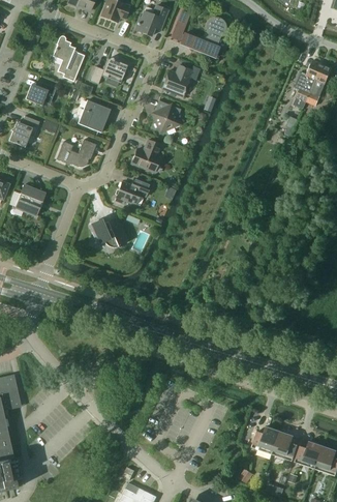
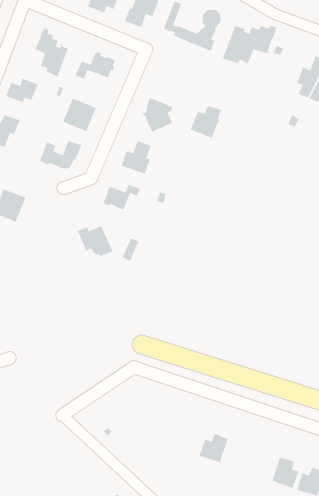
building: none -> [222,25,277,64]
building: [162,65,192,96] -> [190,105,222,139]
building: [251,427,279,455] -> [198,433,228,463]

